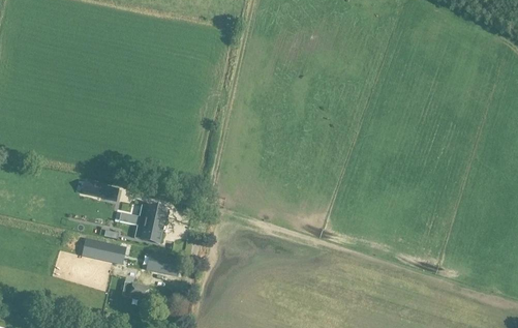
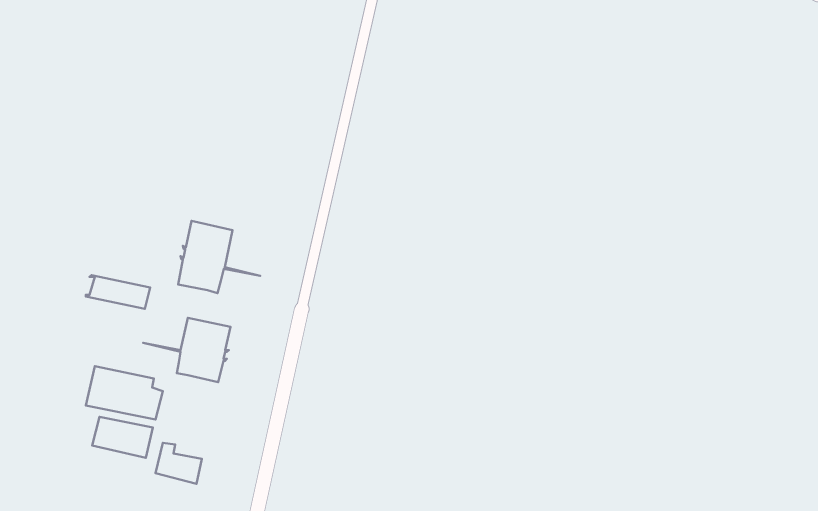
building: none -> [178,221,260,293]
building: [145,252,180,276] -> [92,417,153,458]

